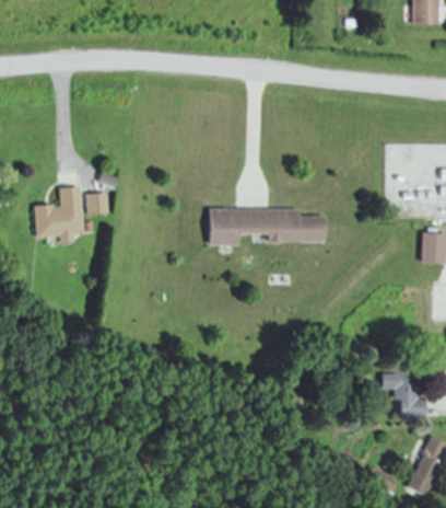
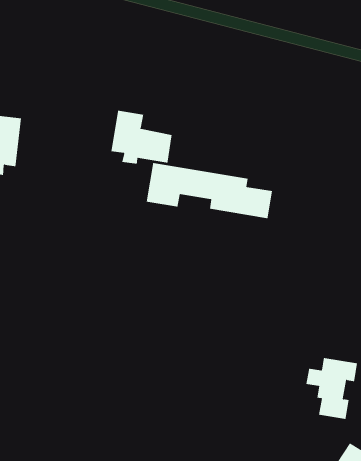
building: none -> [111,110,172,165]
building: [86,193,108,213] -> none

